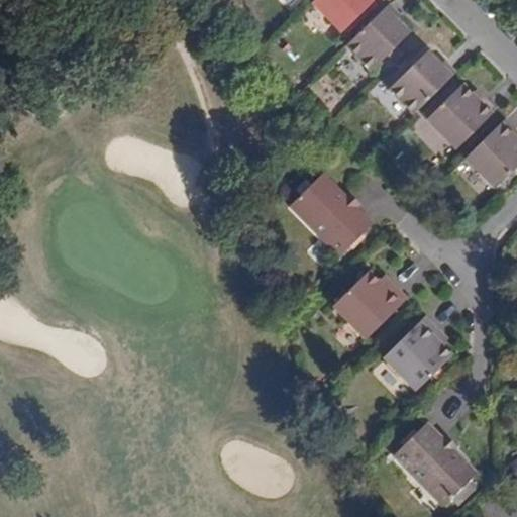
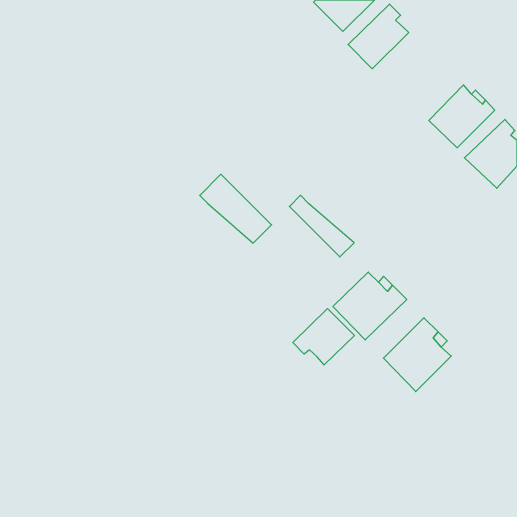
building: [390,51,456,114] -> none
building: [300,174,372,242] -> [200,174,272,243]
building: none -> [293,309,354,365]
building: [394,423,476,506] -> none

